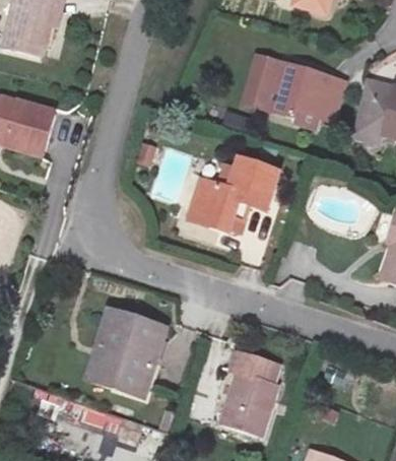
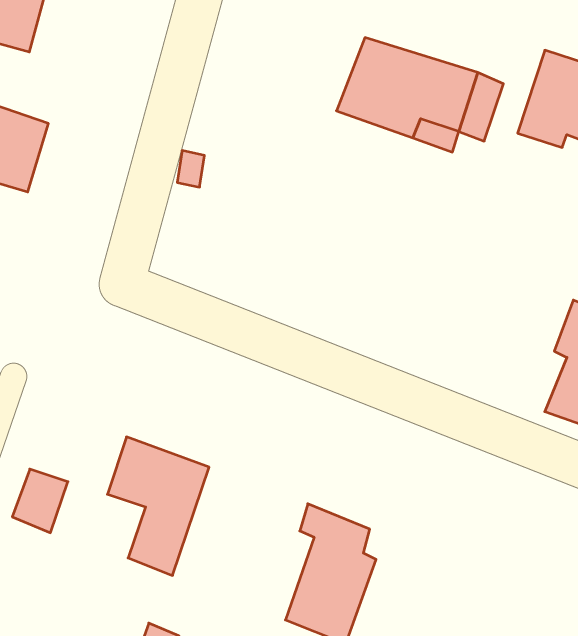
building: [189,167,279,245] -> none
building: [83,348,119,389] -> [12,469,68,533]

